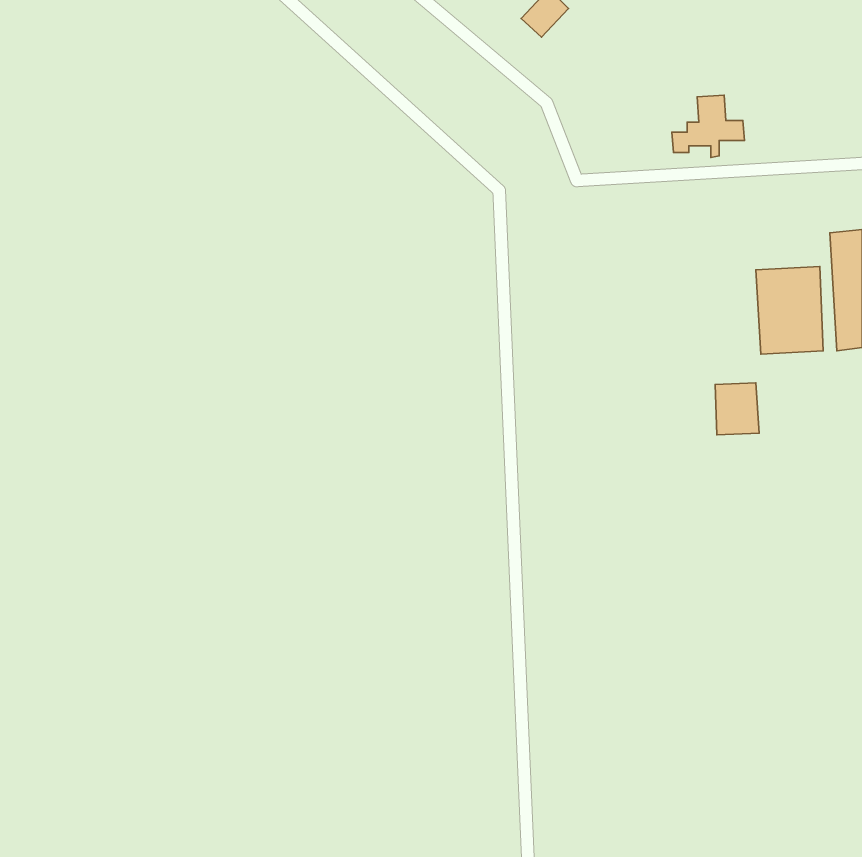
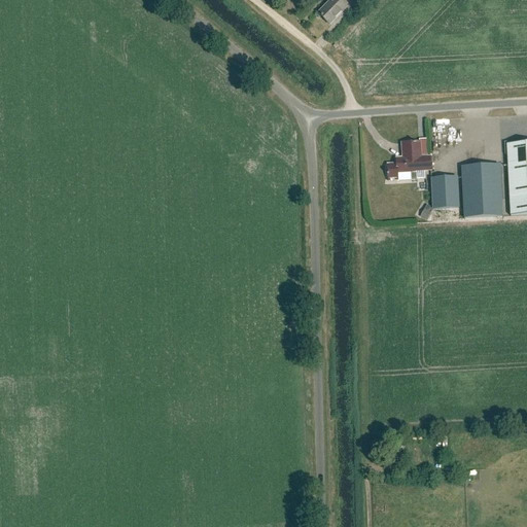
building: [672,95,744,157] -> [387,140,431,178]
building: [715,383,759,435] -> [432,175,459,207]

